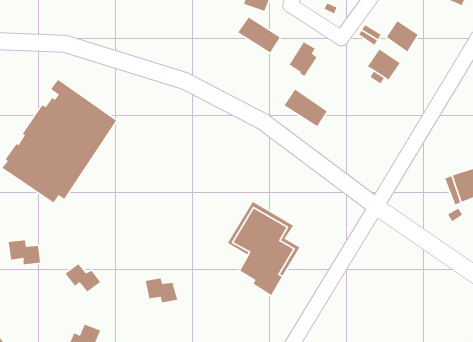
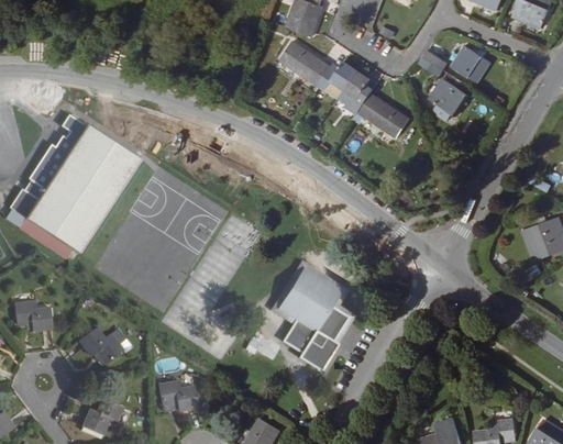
building: none -> [318,60,356,99]
building: [284,88,328,127] -> [357,92,409,137]
building: [145,278,178,303] -> [158,381,197,411]

